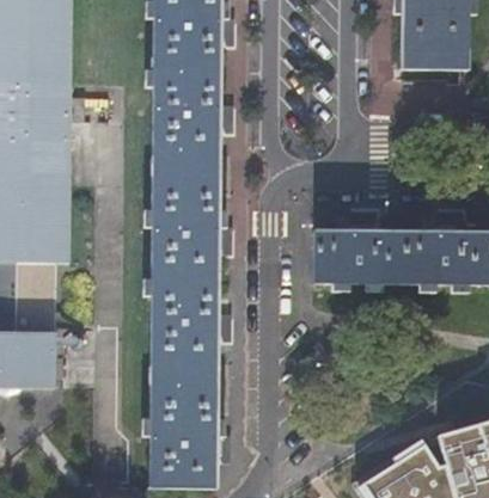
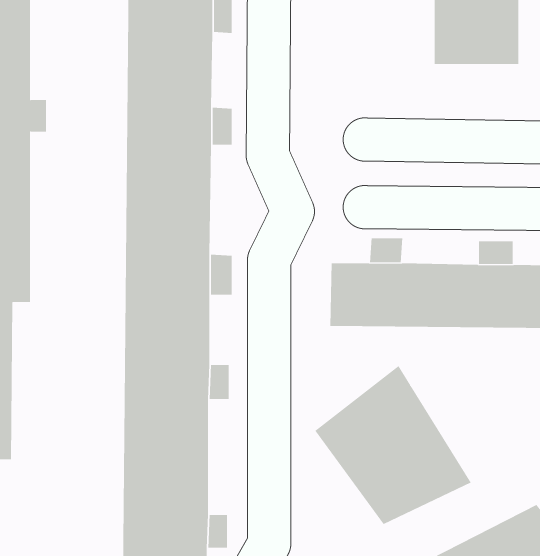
building: none -> [314,365,472,525]

